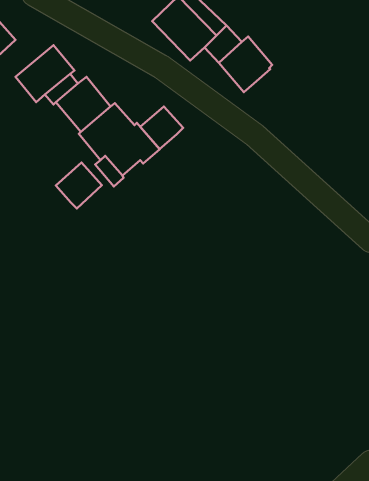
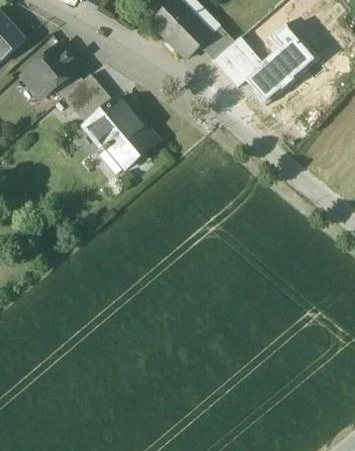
building: none -> [245,21,318,104]
building: [140,107,183,149] -> none
building: [56,162,102,208] -> none

